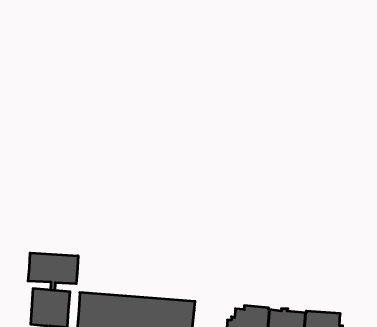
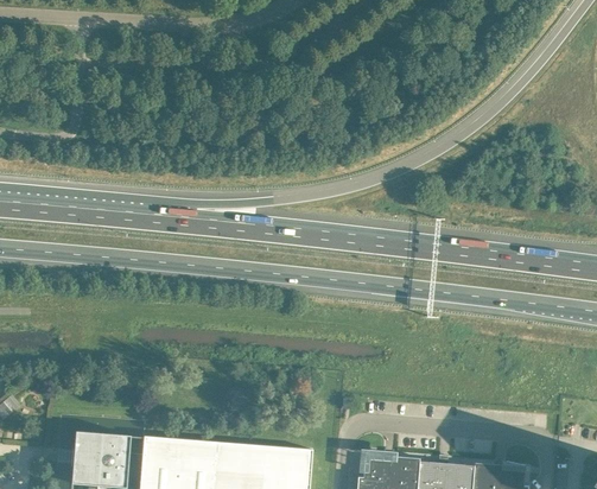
building: [28,253,78,290] -> none

